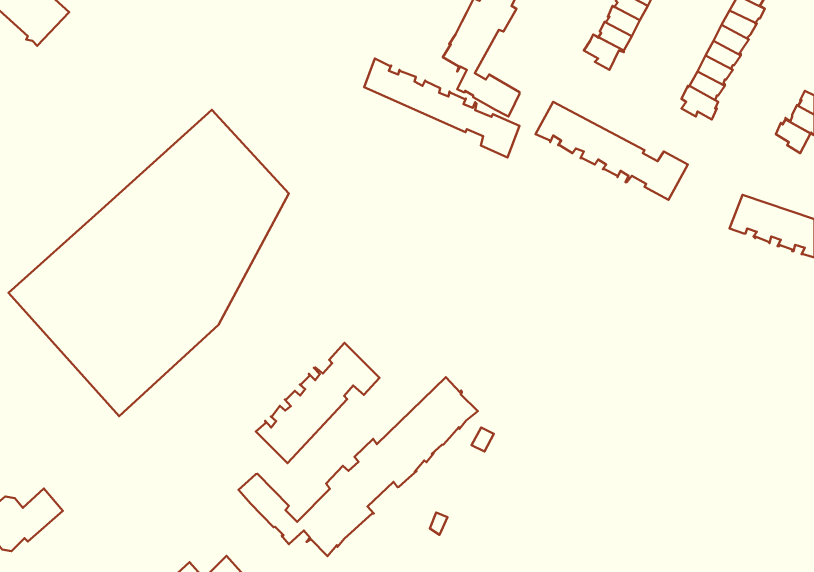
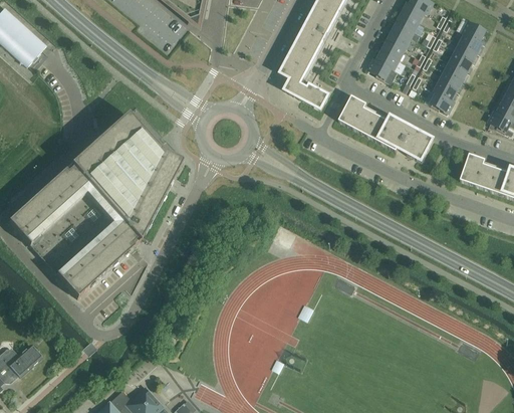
building: [364,59,520,157] -> none
building: [256,343,379,463] -> none
building: [238,377,478,556] -> none

